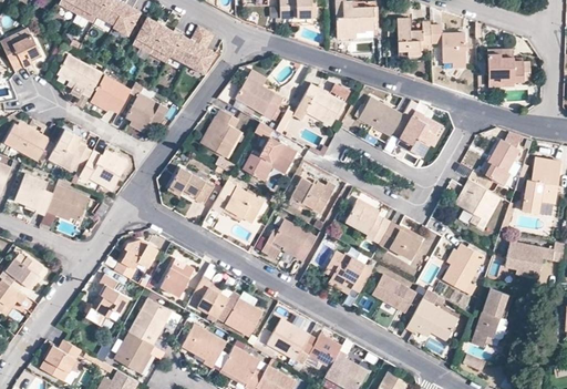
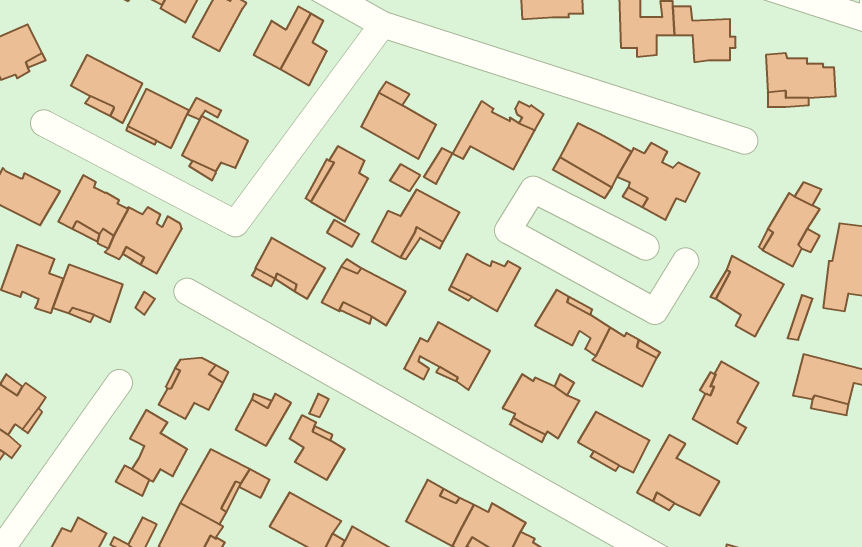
building: [150,25,183,62] -> none
building: [470,289,512,349] -> none
building: [216,291,260,334] -> none

